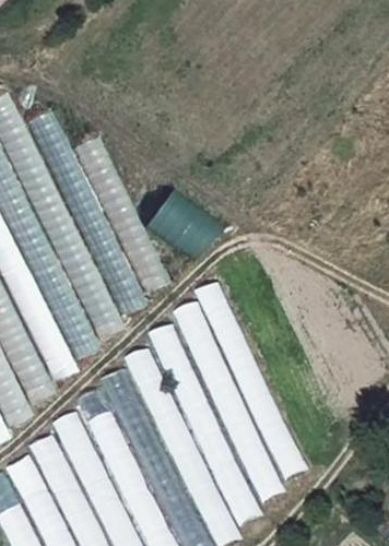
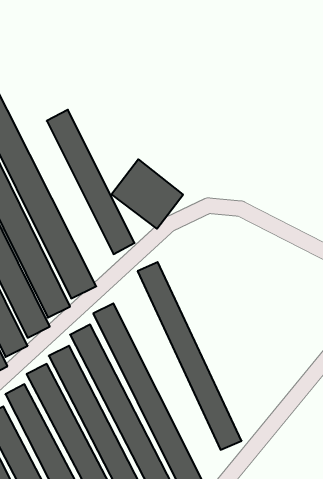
building: [28,110,149,316] -> none
building: [193,281,307,485] -> none
building: [150,322,262,526] -> none

